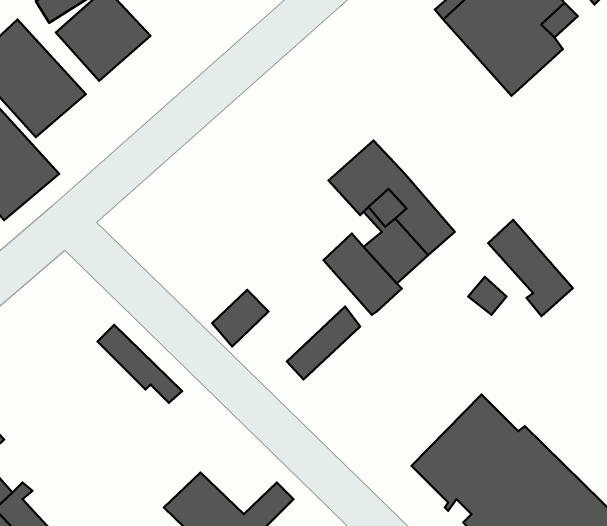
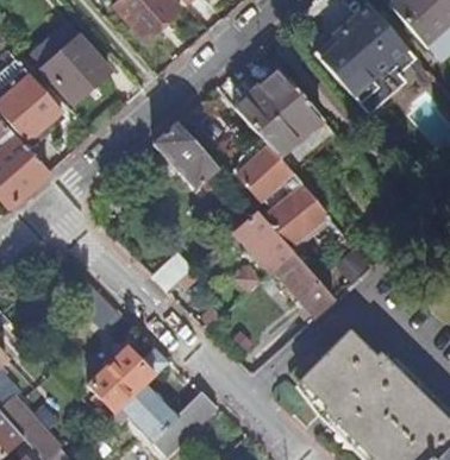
building: none -> [236,69,332,166]
building: none -> [154,124,215,189]
building: [488,220,573,316] -> [273,252,333,321]
building: none -> [89,348,170,414]

